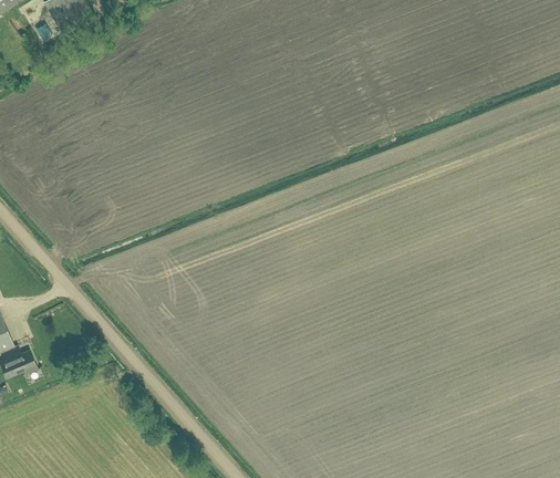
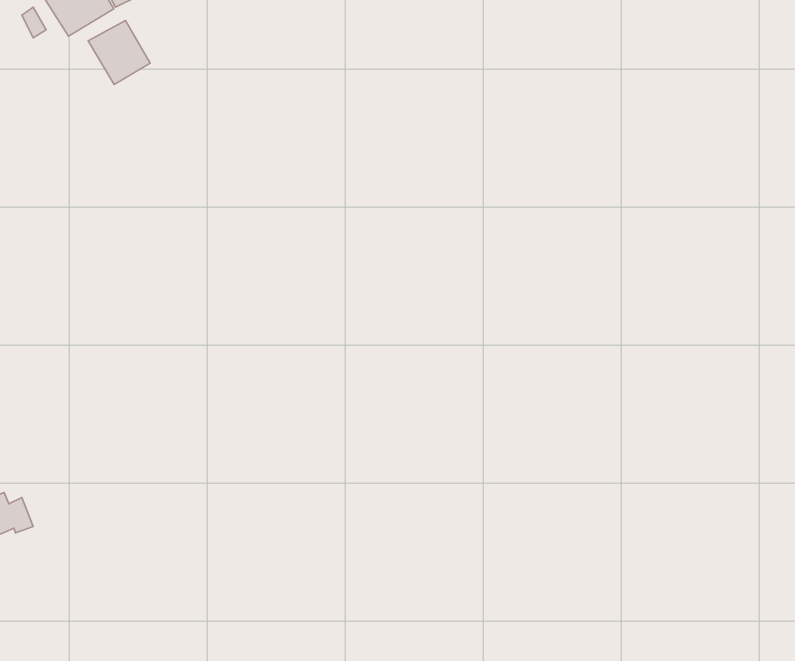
building: none -> [88,20,150,84]

